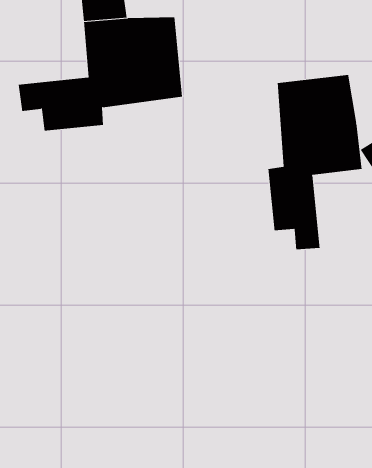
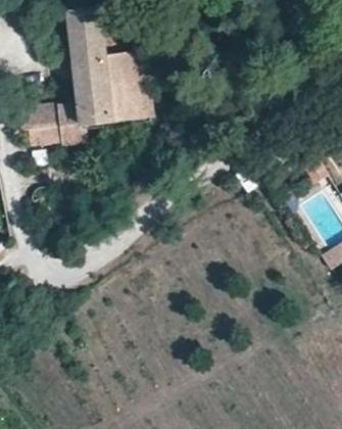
building: [268,74,362,250] -> none

